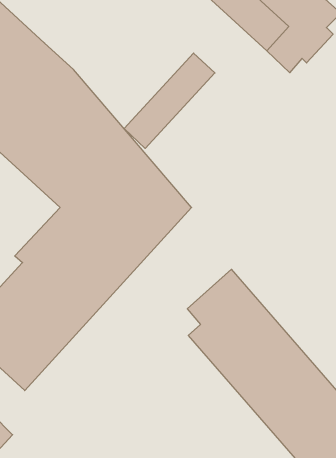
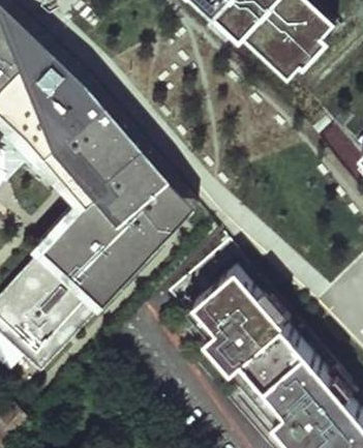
building: [124,53,215,148] -> none

